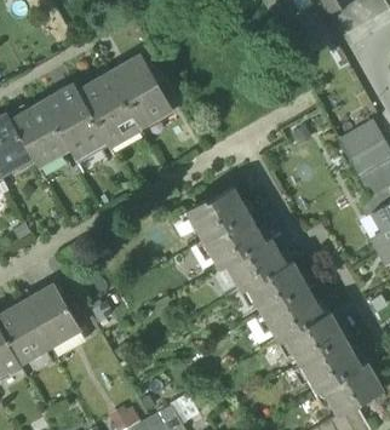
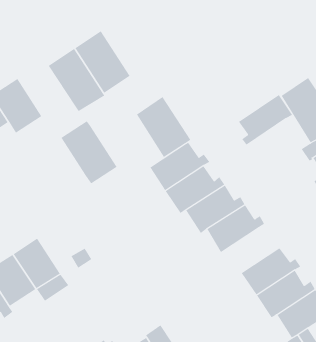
building: [42,85,105,157] -> [61,120,118,184]
building: none -> [136,96,191,158]
building: none -> [238,94,293,146]
building: [262,288,329,342] -> none

